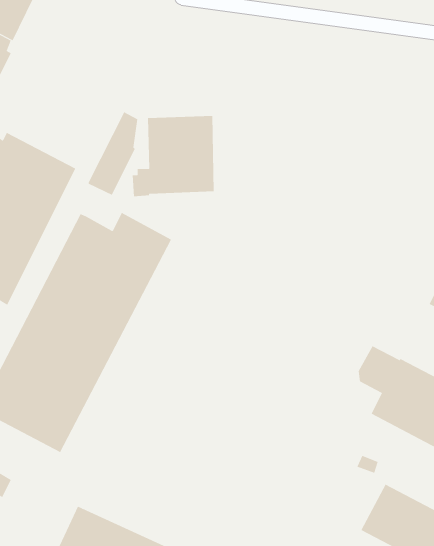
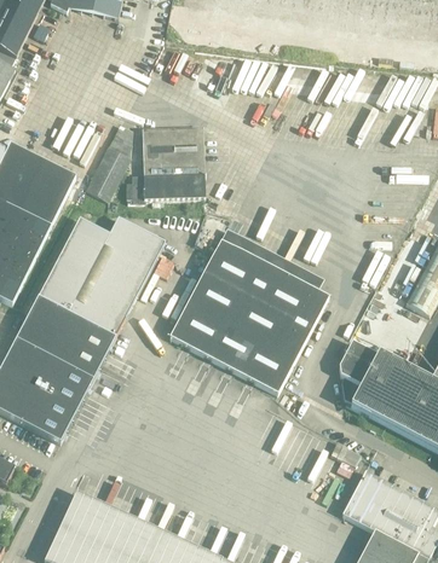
building: none -> [169,227,329,393]

